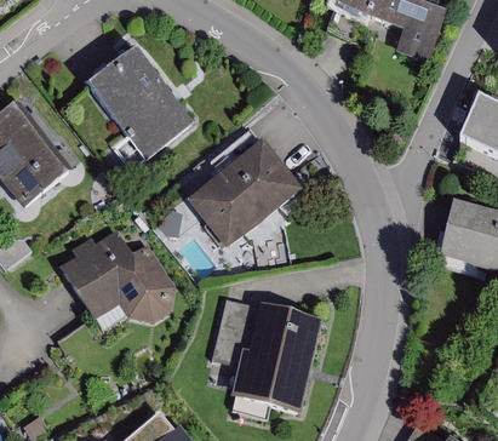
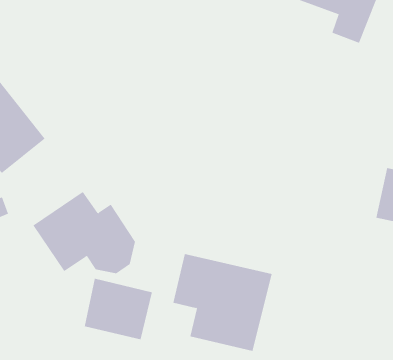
building: [92,51,188,151] -> none
building: [189,142,296,242] -> none
building: none -> [84,278,152,340]

